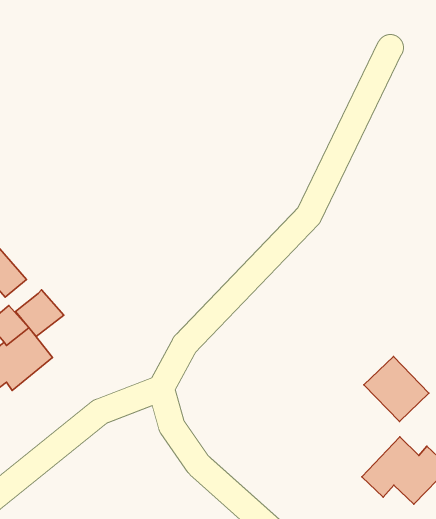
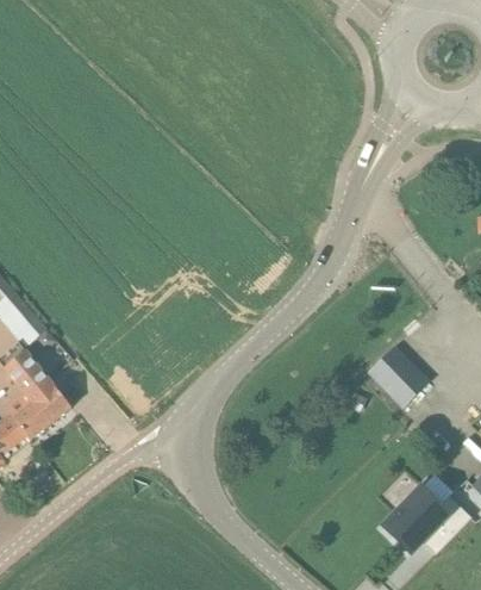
building: [15,290,64,337] -> none
building: [364,356,429,422] -> [367,339,432,404]

